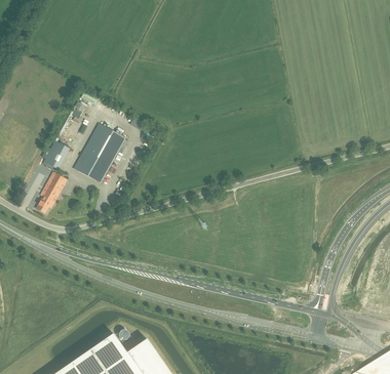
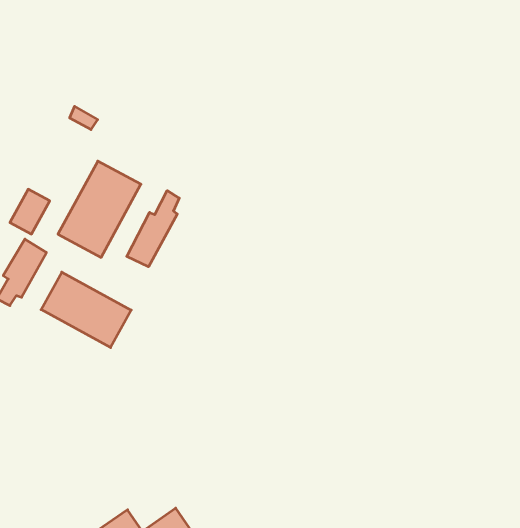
building: none -> [127,191,179,267]
building: none -> [41,272,131,348]

